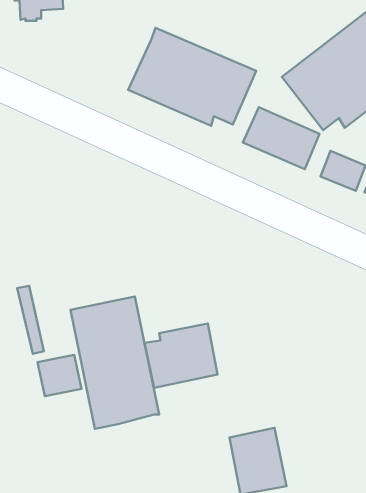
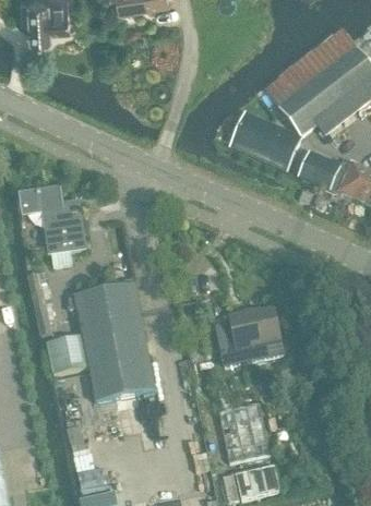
building: [128,28,256,126] -> none
building: none -> [17,186,84,264]
building: [145,323,217,388] -> [216,306,282,364]

